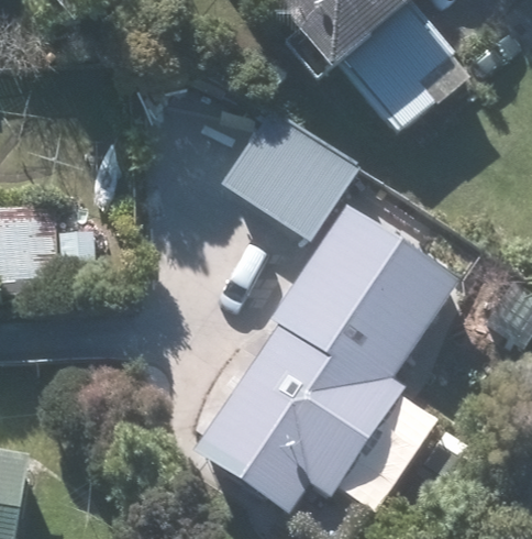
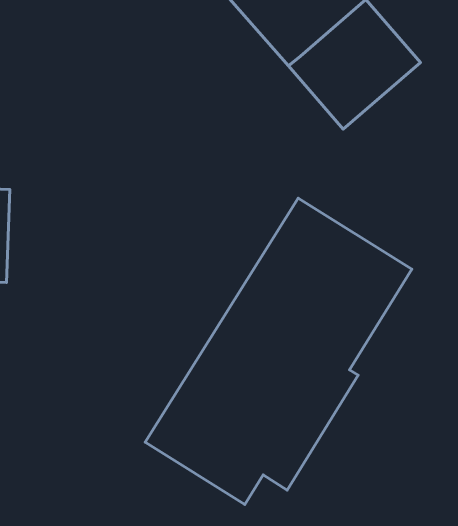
building: [217,102,363,245] -> none

